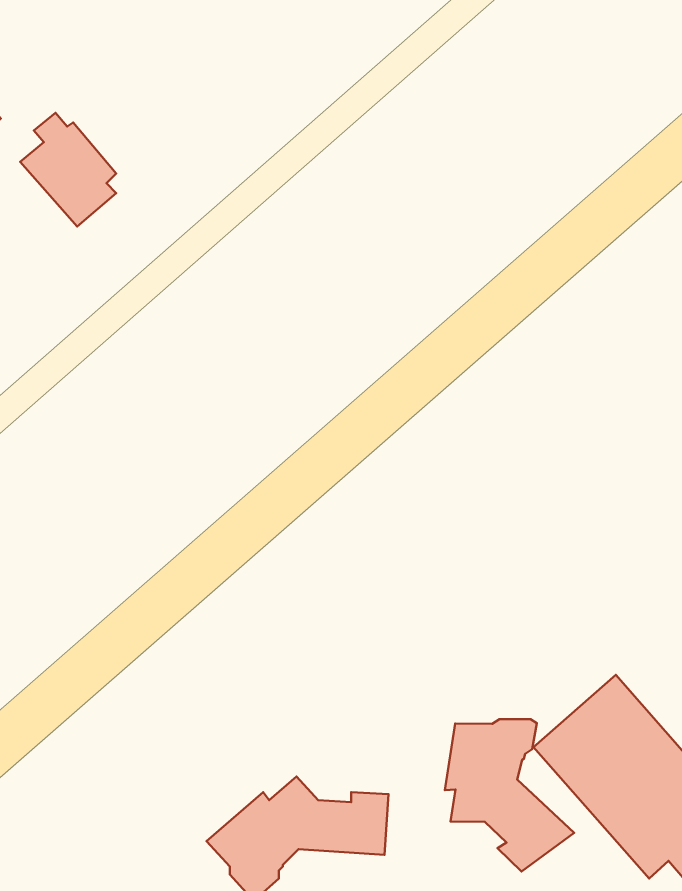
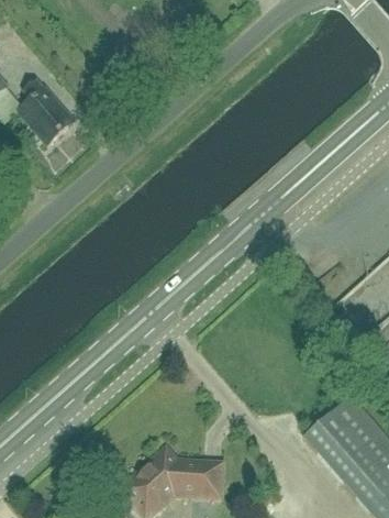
building: [445,719,574,872] -> none

